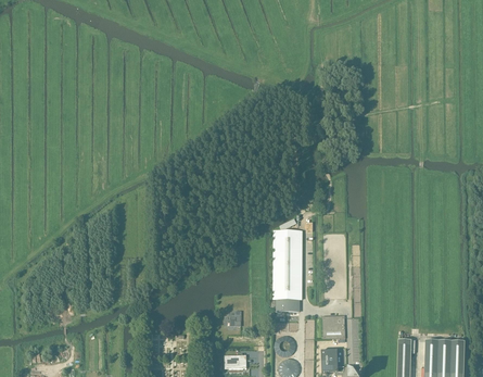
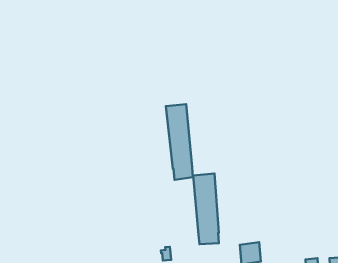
building: none -> [166,104,193,180]

